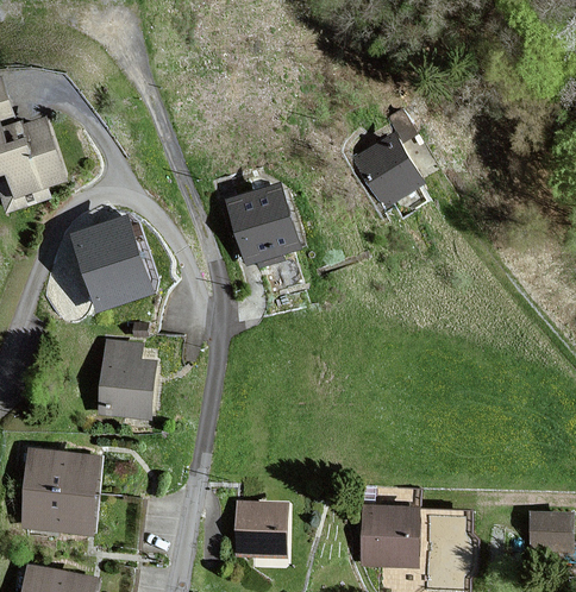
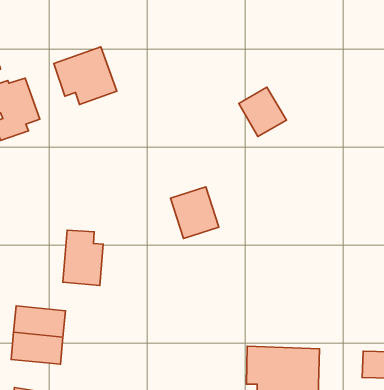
building: none -> [54,47,117,105]
building: [228,185,299,260] -> [170,187,219,239]
building: [69,213,155,310] -> none
building: [236,502,286,553] -> none

